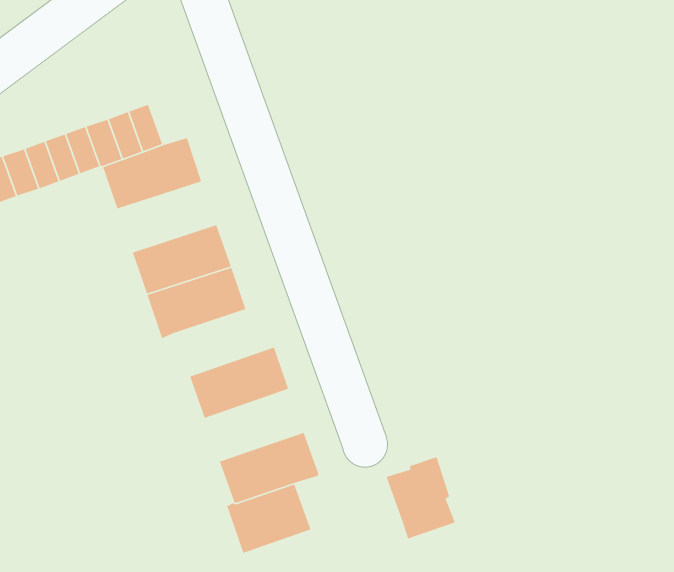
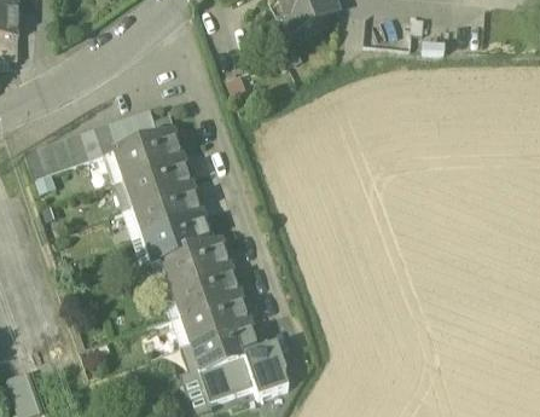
building: none -> [126,157,191,203]
building: none -> [163,237,228,284]
building: none -> [182,293,248,340]
building: [385,456,456,539] -> [242,341,288,395]

